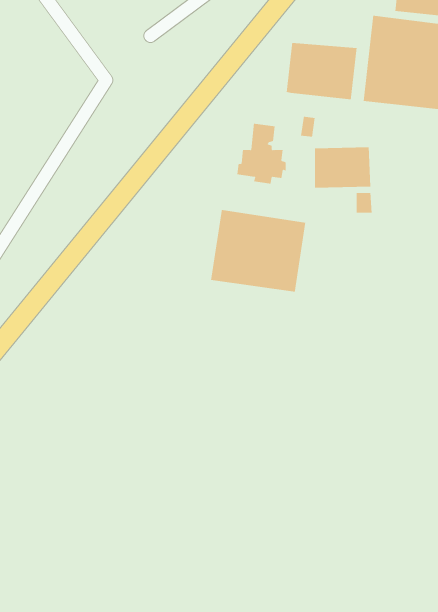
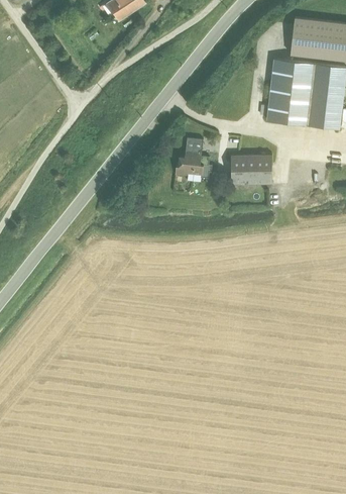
building: [286,42,357,100] -> none
building: [211,209,306,292] -> none

